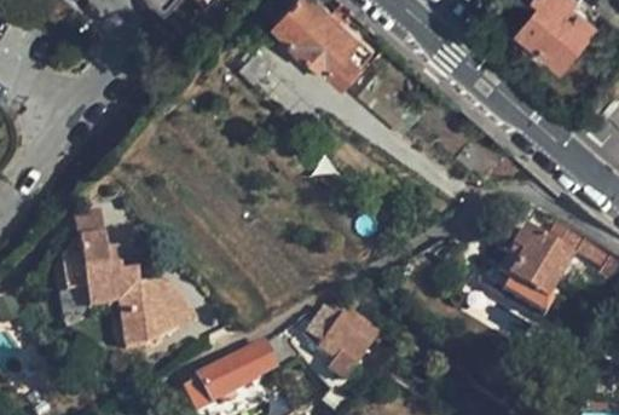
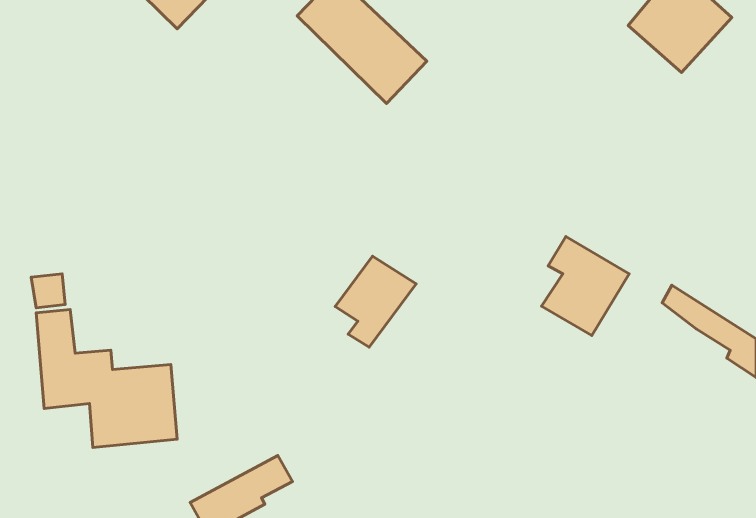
building: [502,230,567,304] -> [542,237,629,335]
building: [312,315,372,382] -> [335,256,416,347]

